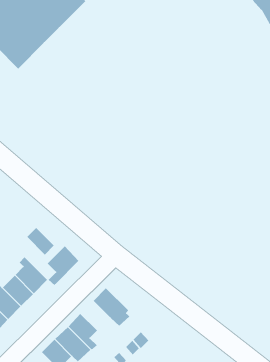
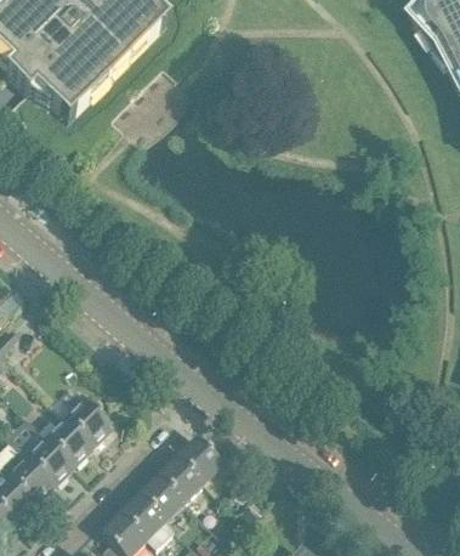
building: [26,227,55,255] -> none
building: [47,246,79,286] -> none
building: none -> [158,453,201,497]

